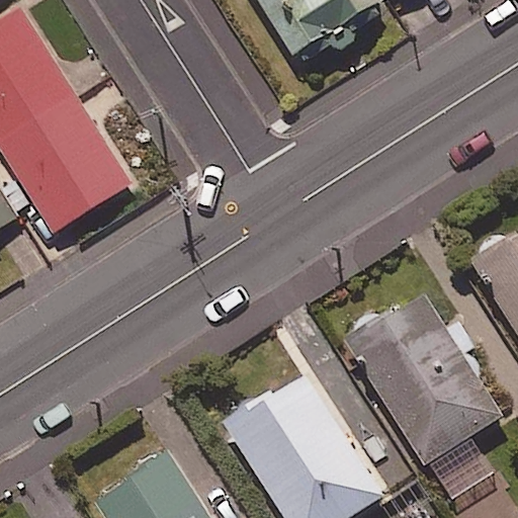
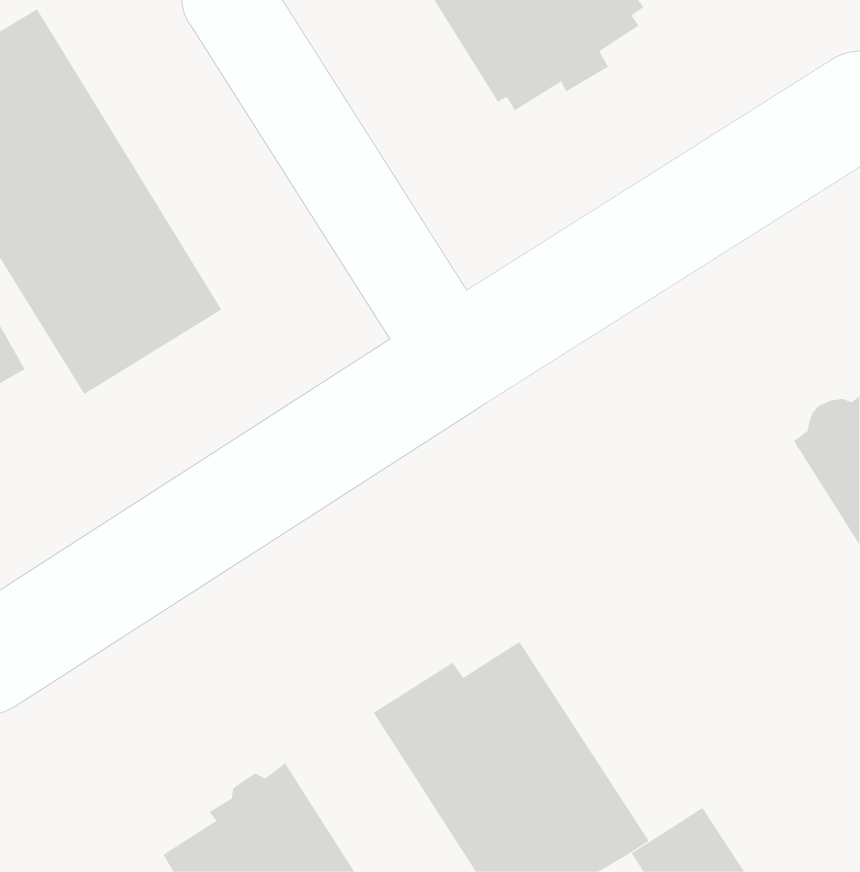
building: [344,297,504,466] -> none

